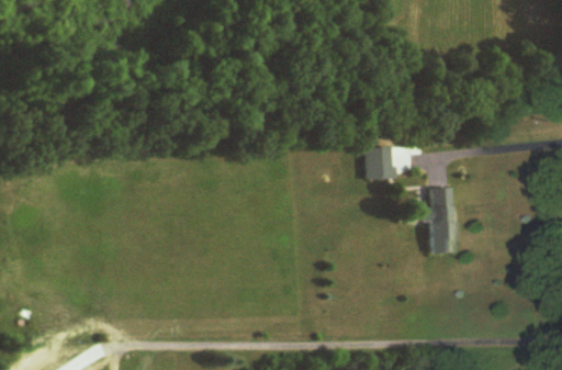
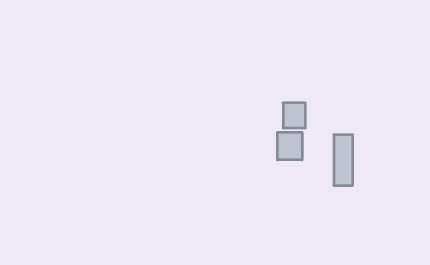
building: none -> [277,132,302,160]

